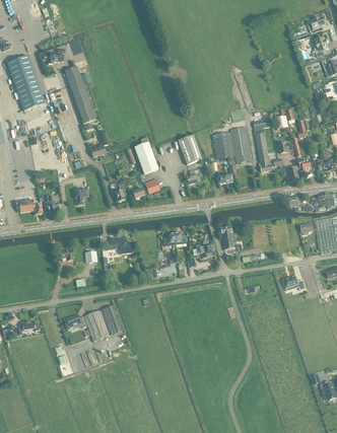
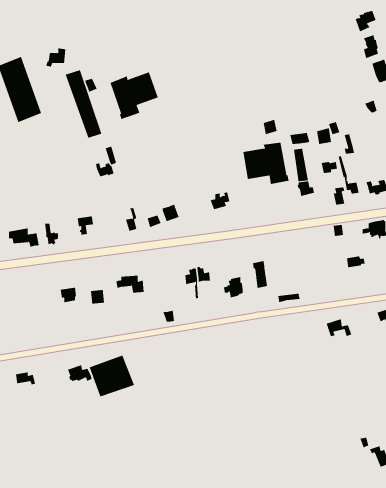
building: none -> [110,72,158,120]
building: [177,135,201,164] -> none
building: [133,142,157,174] -> none

